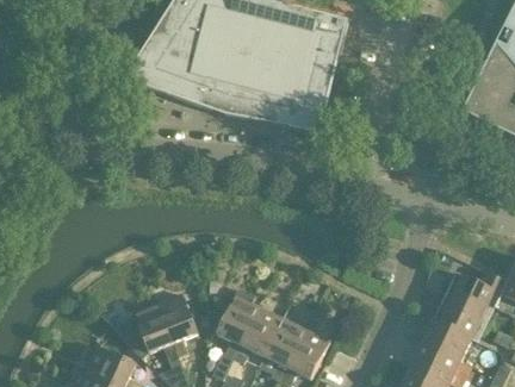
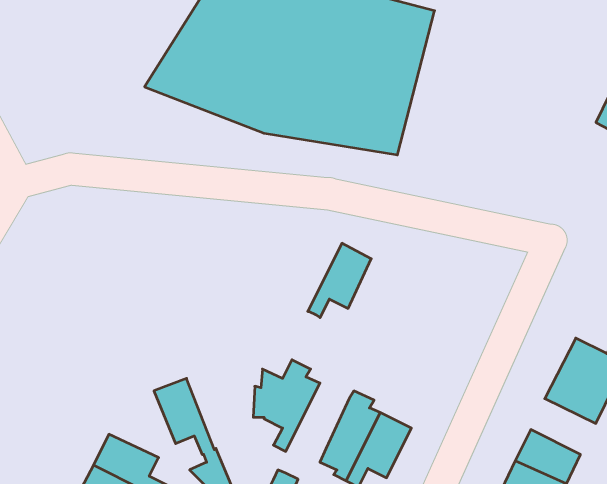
building: [159,293,199,357] -> none
building: [235,306,284,363] -> [308,243,371,318]
building: [423,318,473,361] -> none

